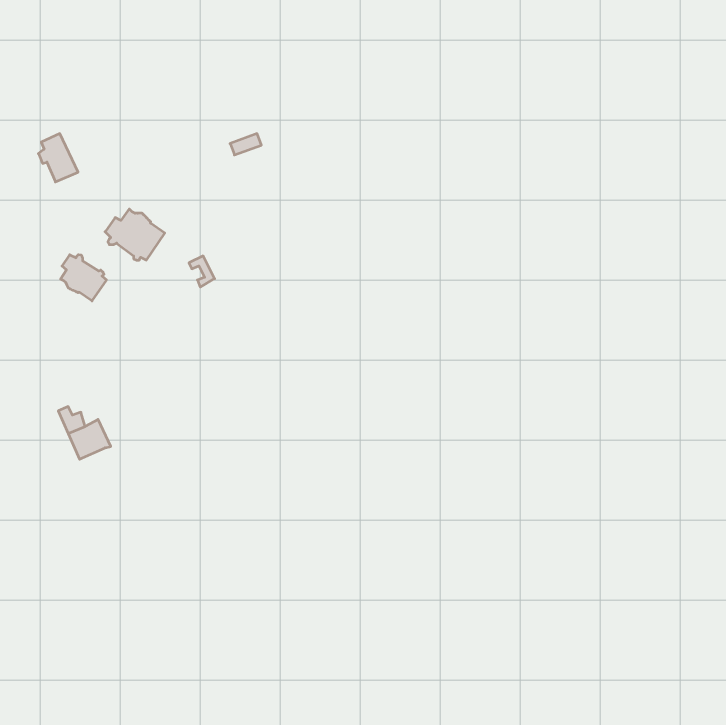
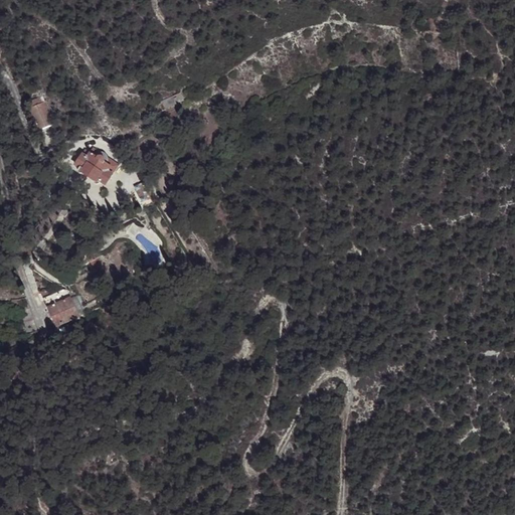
building: [61,255,106,301] -> none

